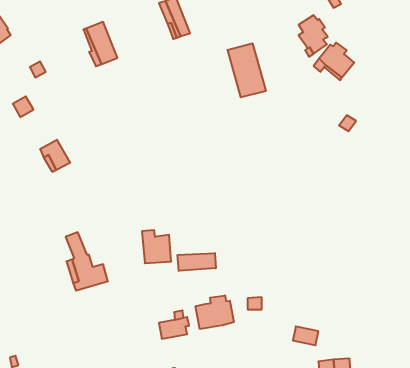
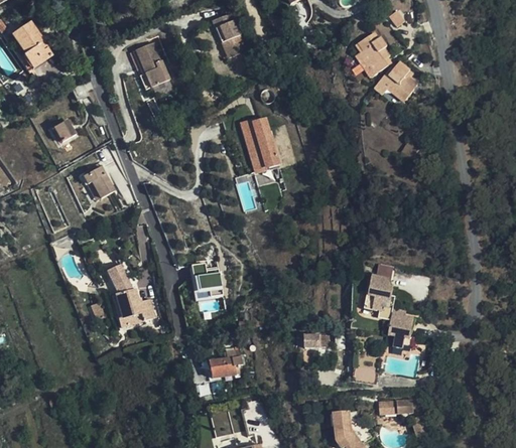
building: [227,44,266,97] -> [240,113,281,170]
building: none -> [366,275,414,347]
building: [178,253,216,271] -> none
building: [195,295,234,329] -> none

